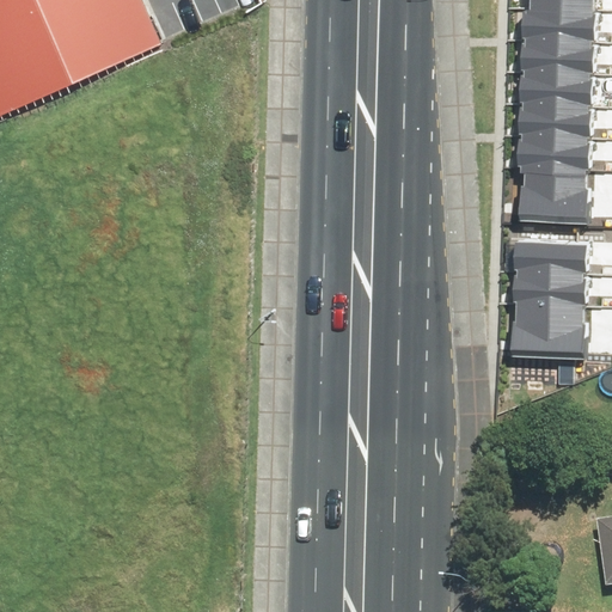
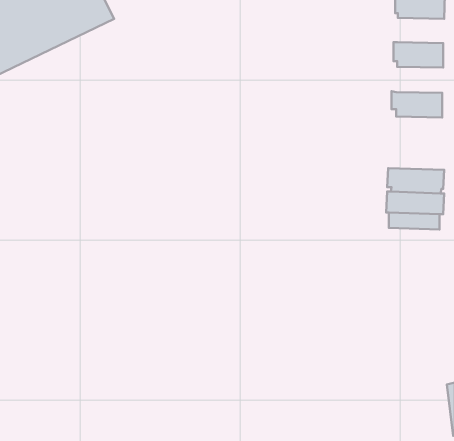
building: [525,39,590,73] -> none
building: [521,104,589,139] -> none
building: [522,170,592,215] -> none
building: [514,317,590,353] -> none

